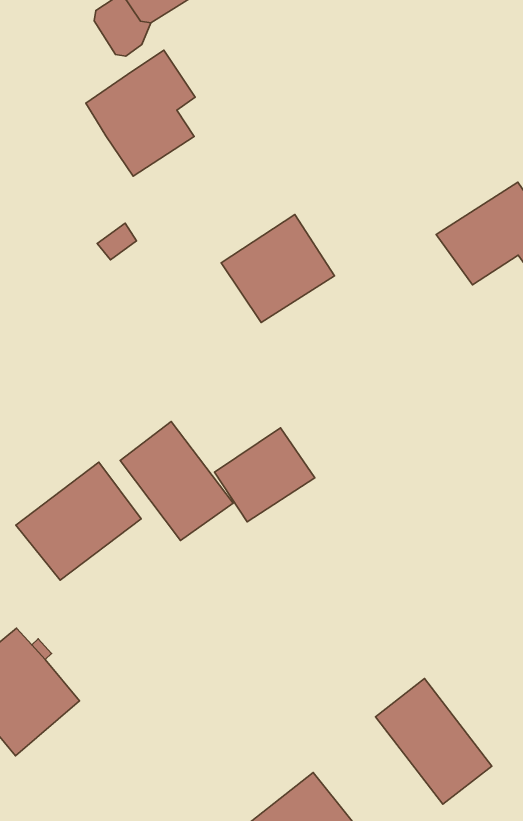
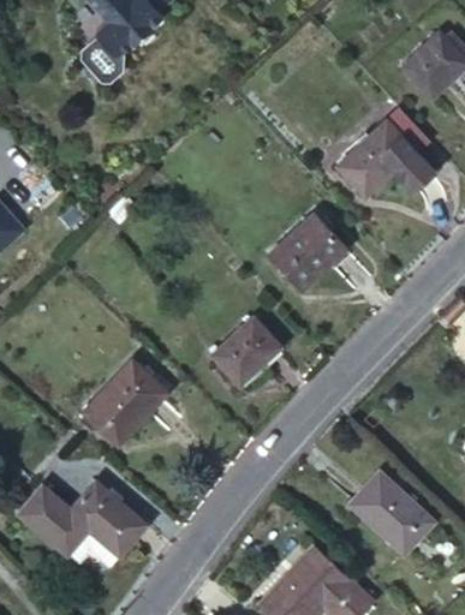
building: [86,50,195,176] -> none
building: [221,214,334,323] -> [269,213,347,289]
building: [120,421,233,540] -> none

